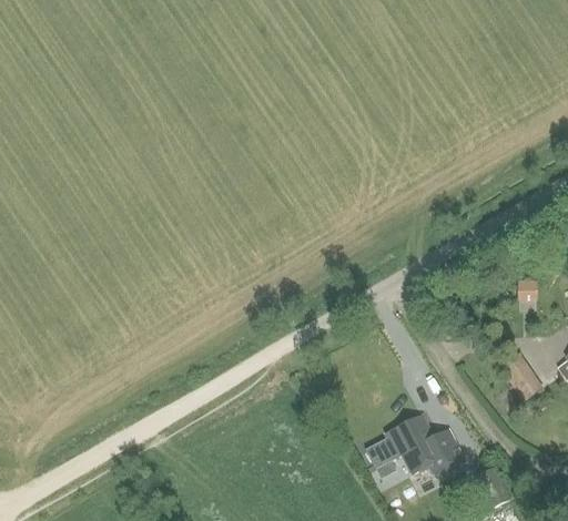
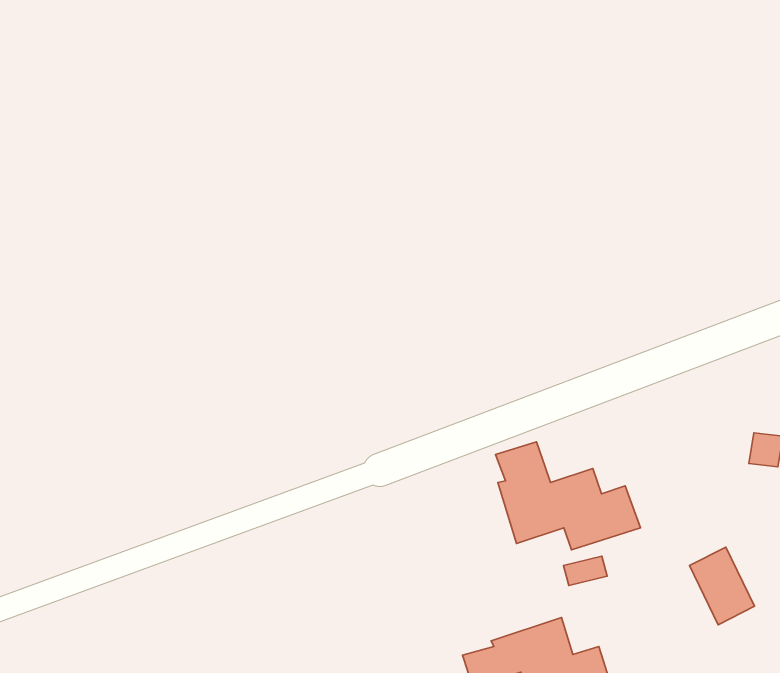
building: none -> [495,442,641,550]

